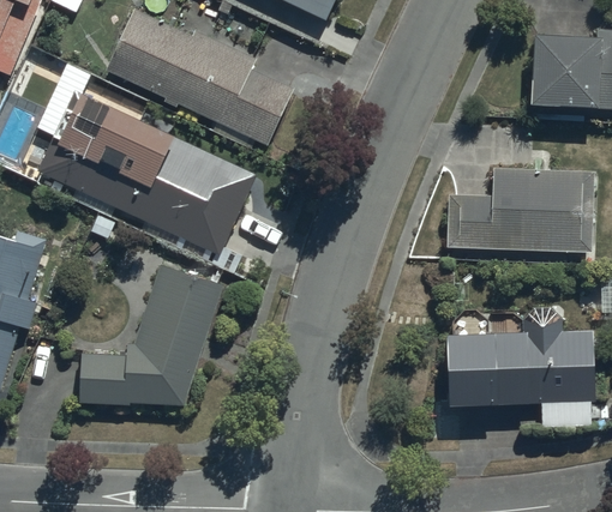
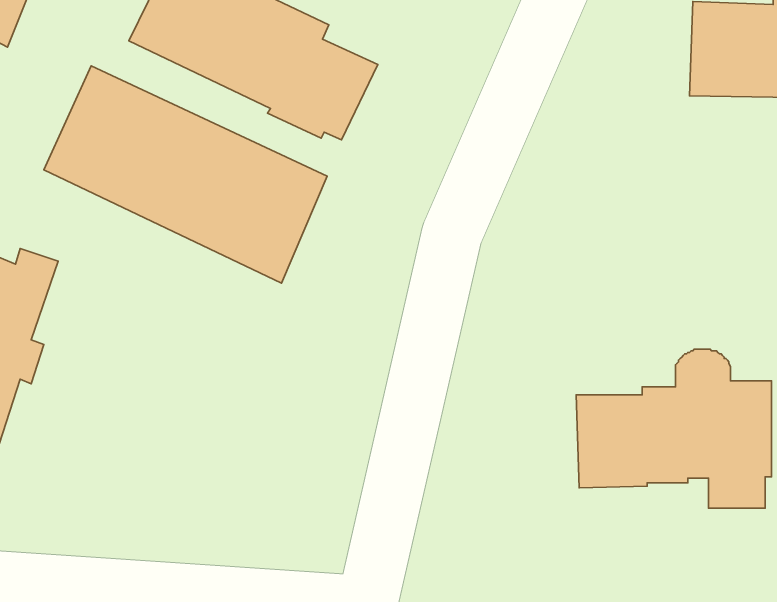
building: [446,168,592,251] -> none
building: [79,264,221,404] -> none

